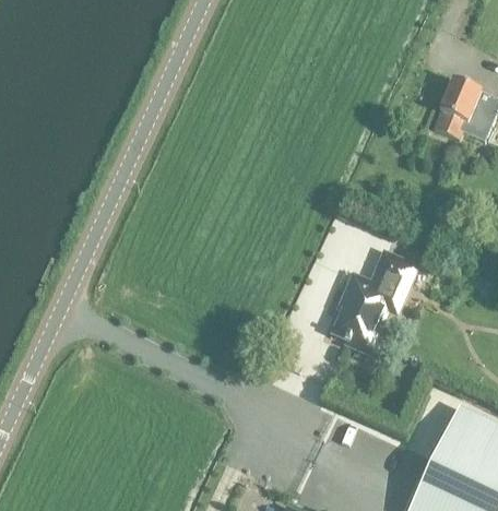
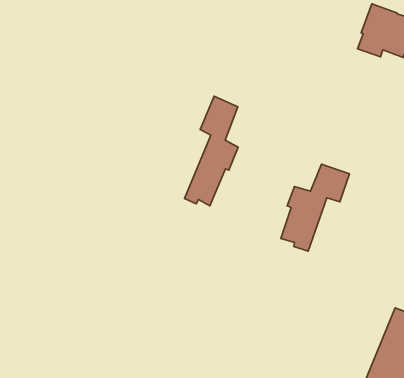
building: none -> [184,96,238,206]

